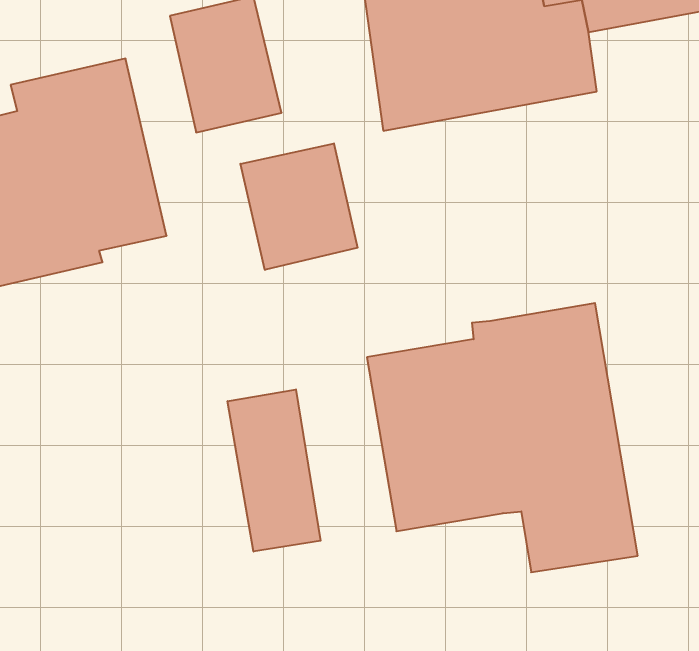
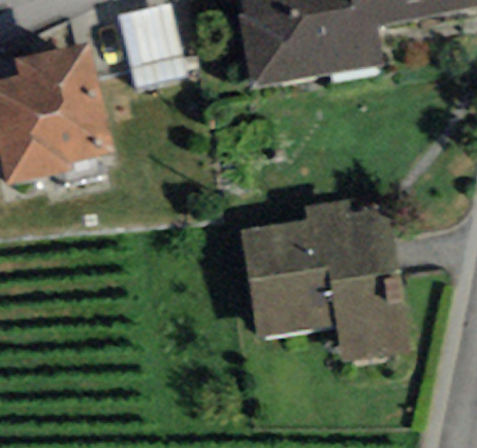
building: [240,143,358,270] -> none
building: [228,389,321,552] -> none

